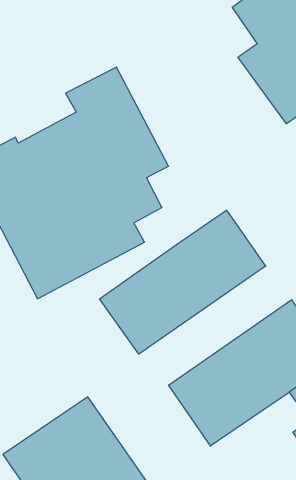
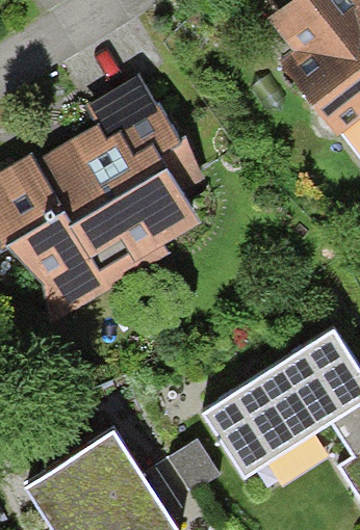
building: [100,210,266,354] -> none

